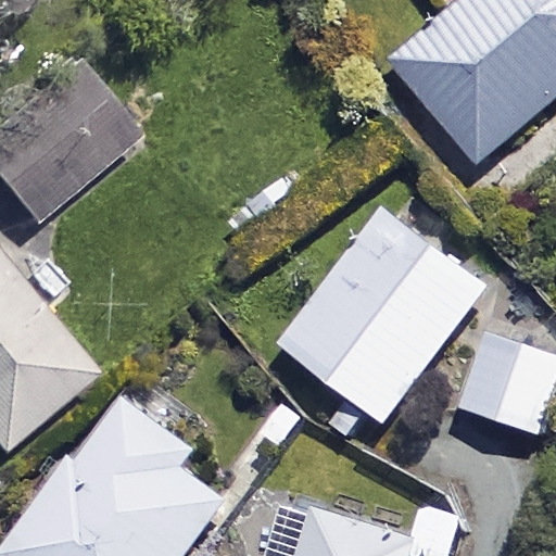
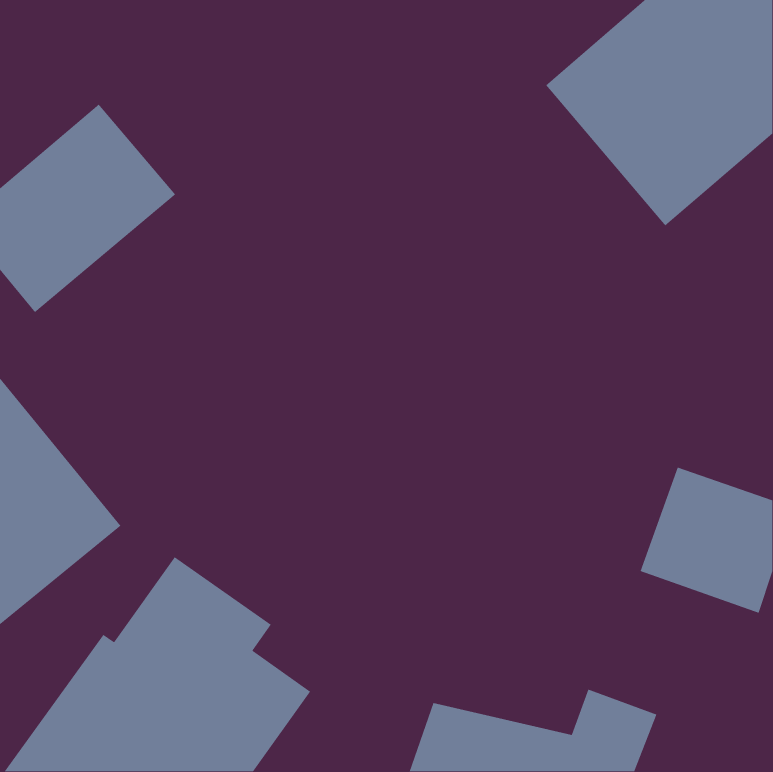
building: [280,211,485,425] -> none

